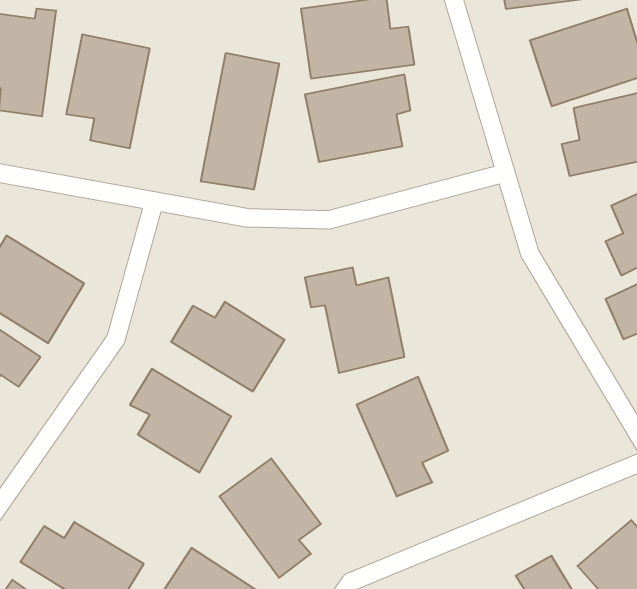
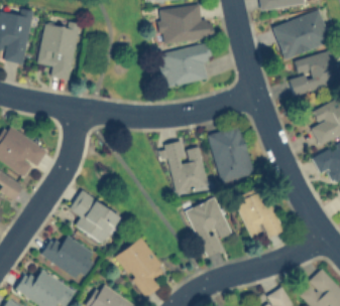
building: [201,53,279,190] -> none
building: none -> [207,125,256,184]
building: [171,302,285,391] -> [40,236,98,281]
building: none -> [235,190,281,242]

